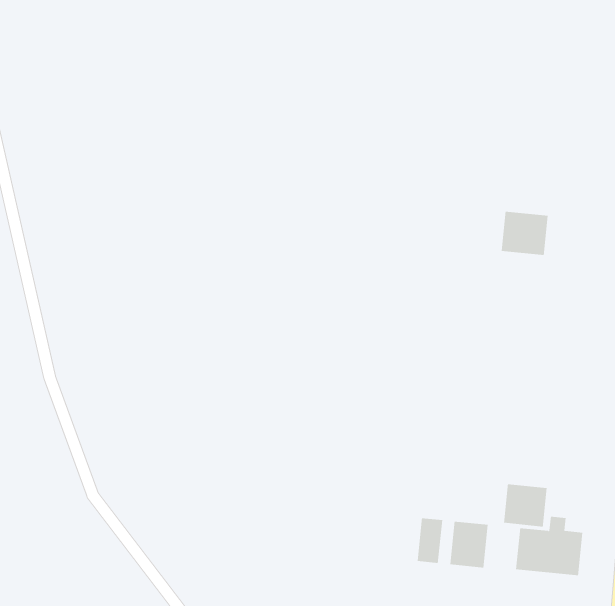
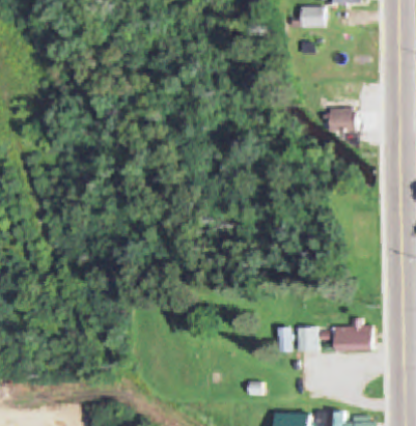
building: [501,211,549,255] -> [329,108,354,131]
building: [503,483,547,527] -> none

